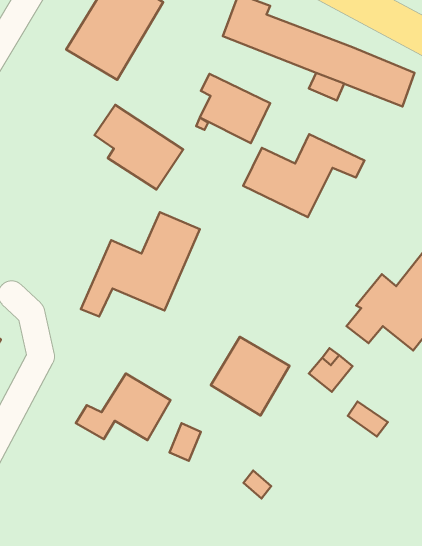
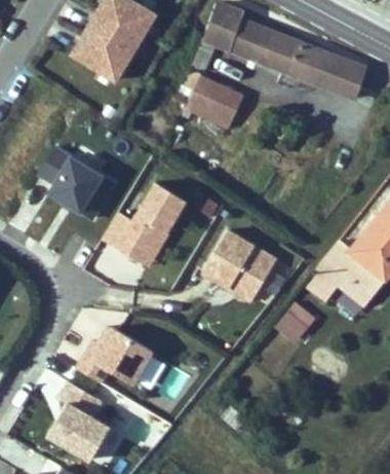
building: [95,105,183,190] -> [26,141,101,213]
building: [243,134,364,217] -> none
building: [211,337,290,416] -> [205,228,272,295]
building: none -> [49,379,108,457]

